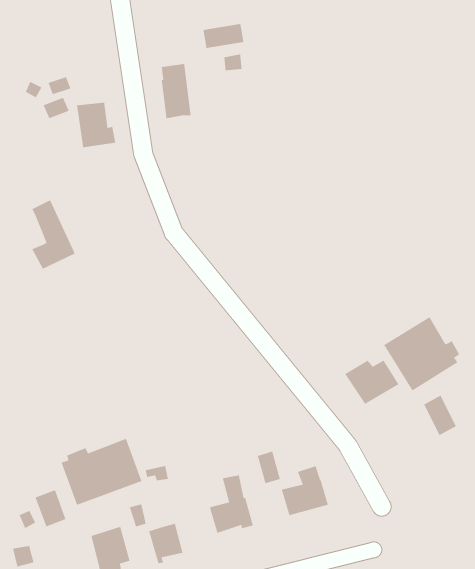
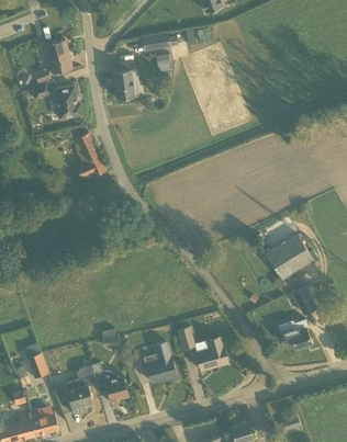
building: none -> [44,38,71,71]
building: [31,199,76,270] -> [75,132,105,180]
building: [344,360,399,405] -> none
building: [61,438,142,506] -> none
building: none -> [279,318,310,348]

